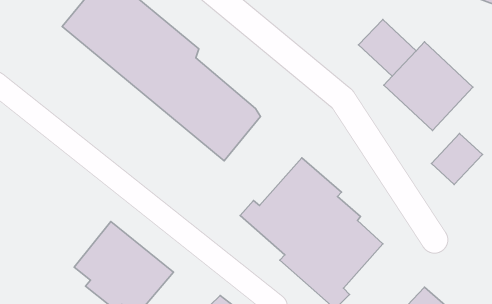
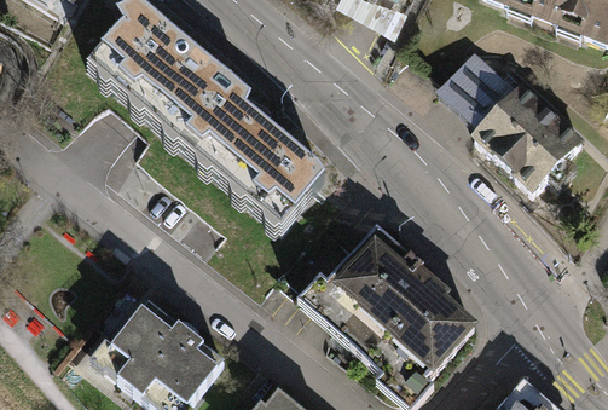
building: [431,134,482,184] -> none

